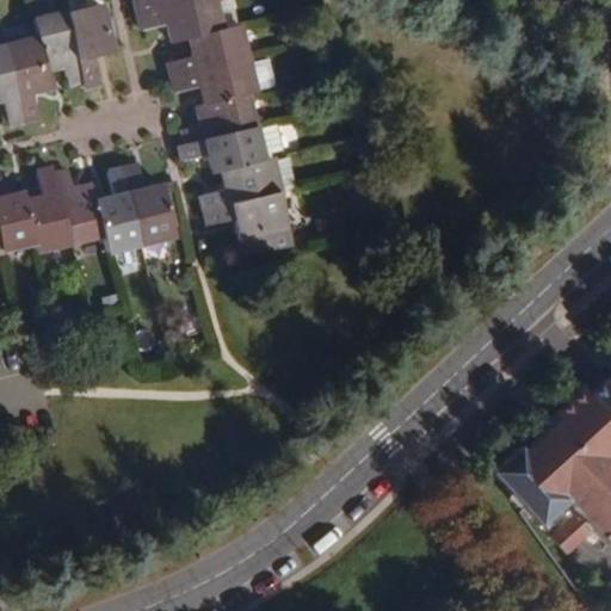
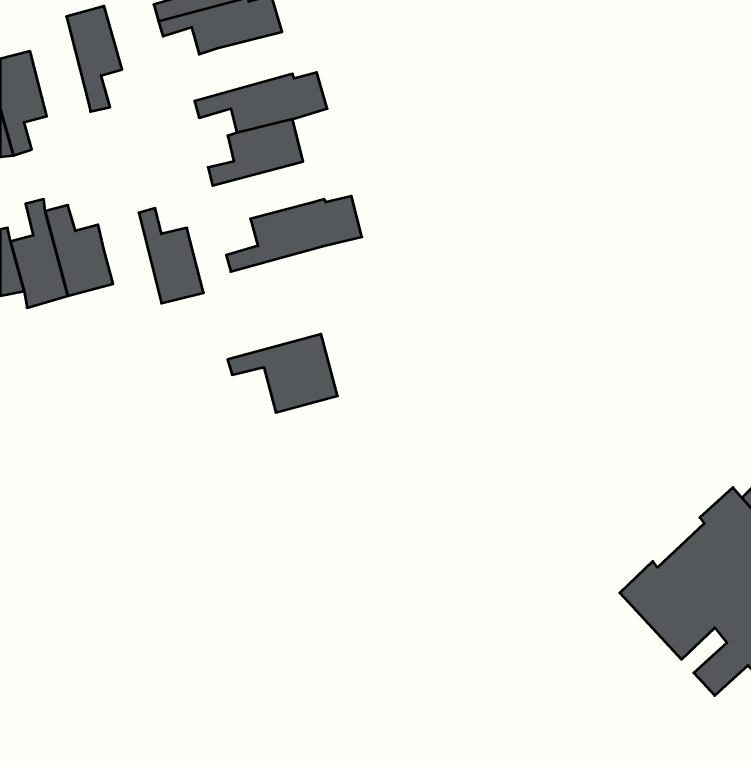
building: [33,13,86,87] -> none
building: [165,25,247,80] -> none
building: [175,128,264,175] -> none
building: [98,168,143,248] -> none
building: [198,195,285,257] -> [228,334,338,412]

